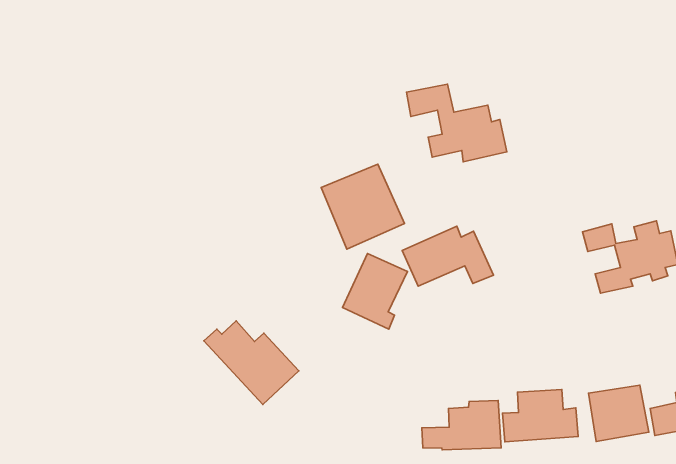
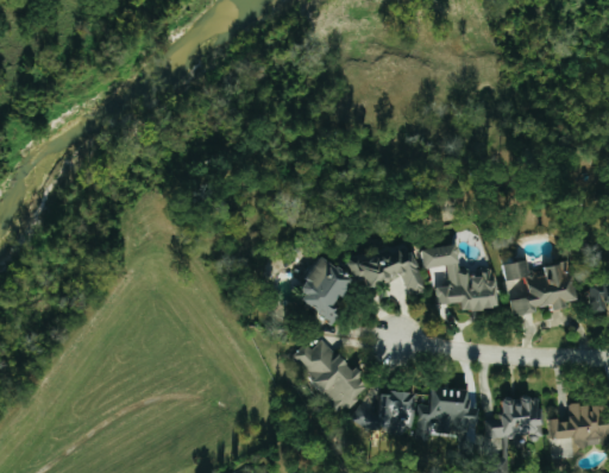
building: [406,84,507,162] -> [422,246,498,311]
building: [321,164,404,249] -> none
building: [204,321,299,404] -> [293,340,368,411]

